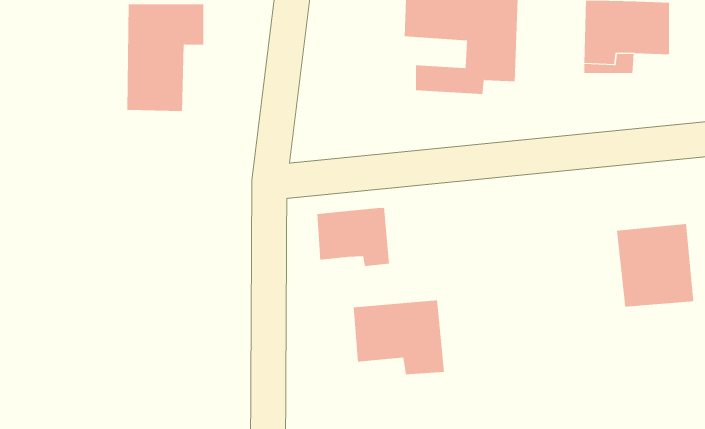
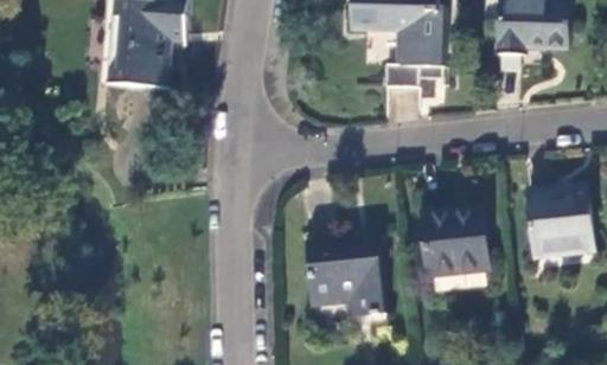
building: [317,207,389,267] -> none
building: none -> [421,212,487,278]

